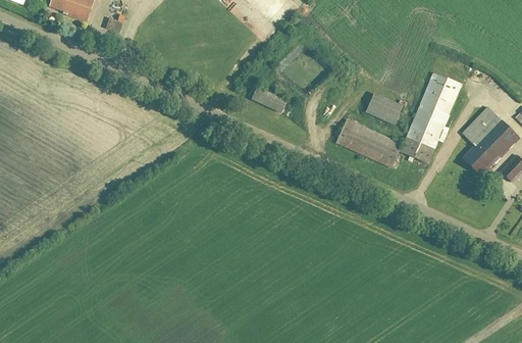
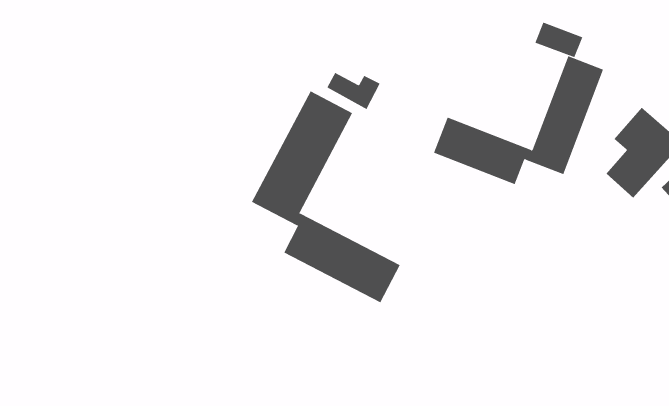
building: [364,92,400,118] -> [534,22,583,58]
building: none -> [251,90,401,303]

